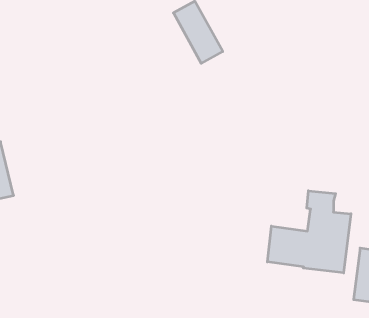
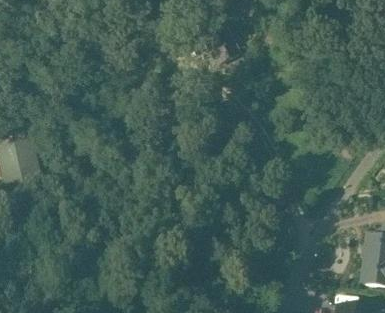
building: [267,191,351,273] -> none

